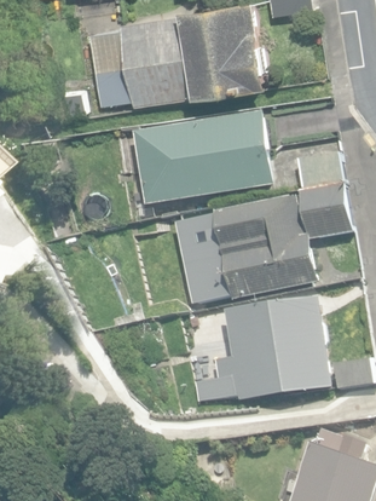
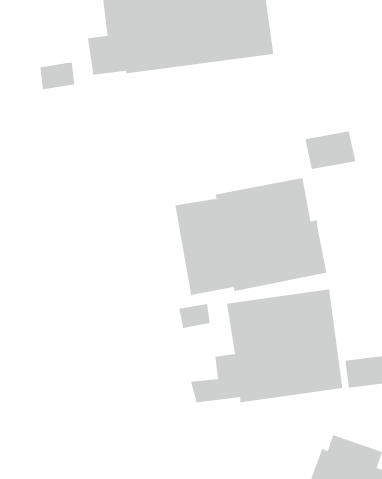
building: [132,110,273,205] -> none
building: [297,184,351,238] -> none

